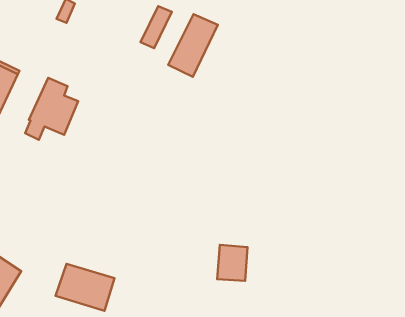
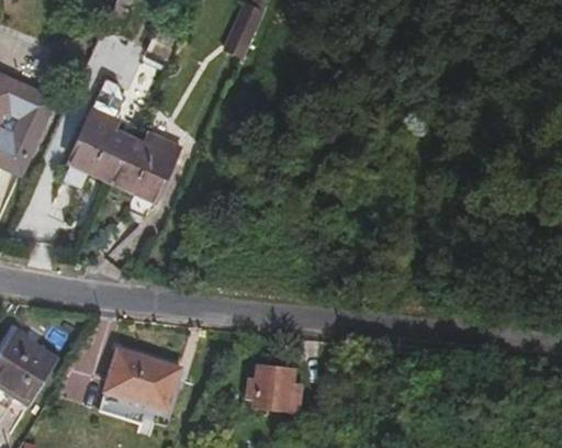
building: [168,14,218,77] -> none
building: none -> [113,134,179,200]
building: [217,245,248,281] -> [254,365,293,412]

